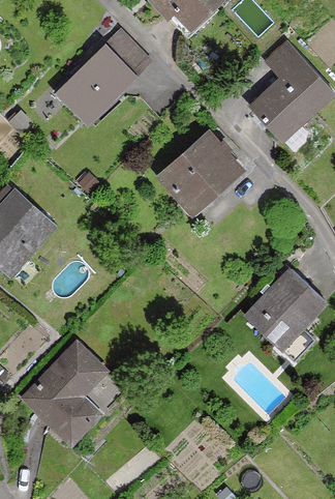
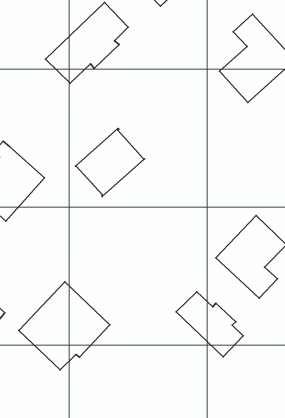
building: [160,134,238,210] -> [75,128,144,196]
building: none -> [176,292,243,357]

